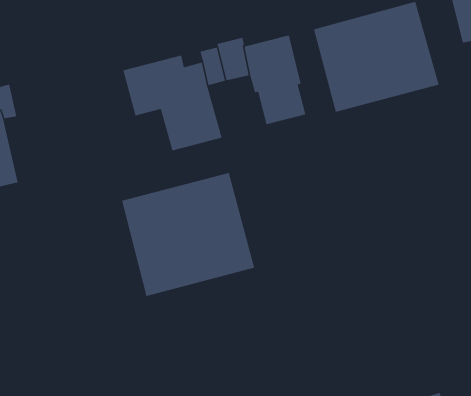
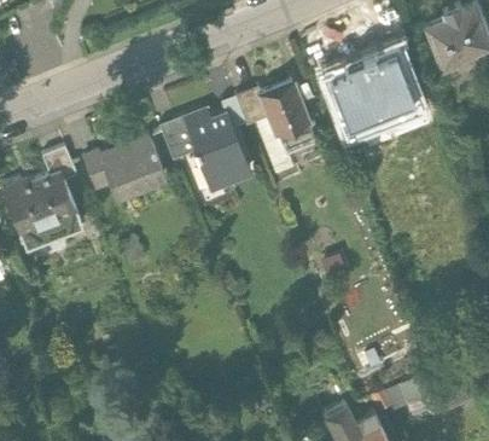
building: none -> [81,129,164,197]
building: [122,172,255,297] -> none

